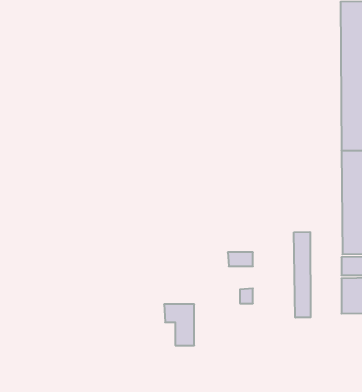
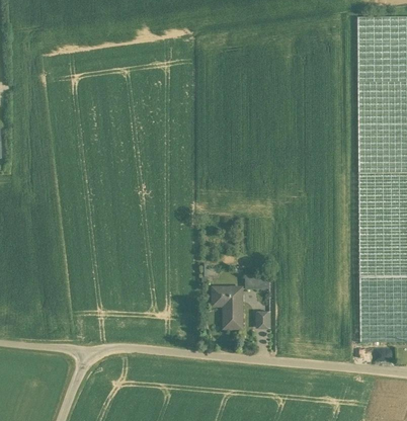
building: [294,232,311,318] -> none
building: [164,304,194,345] -> [212,286,242,328]

